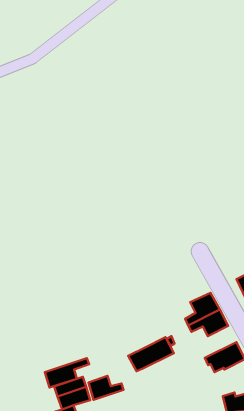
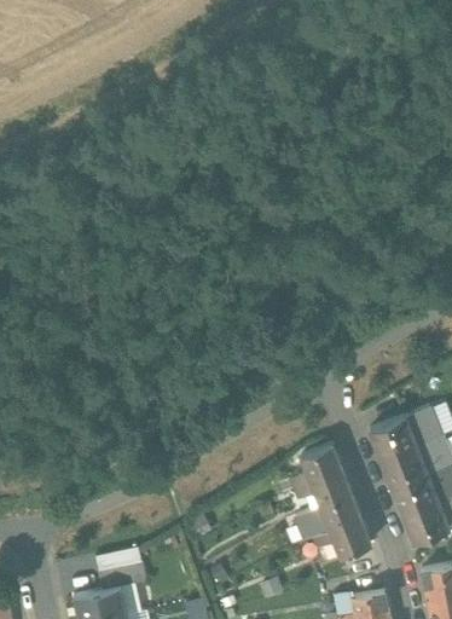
building: [128,337,174,371] -> [297,494,363,539]
building: [45,358,89,388] -> none
building: [88,376,124,400] -> none

